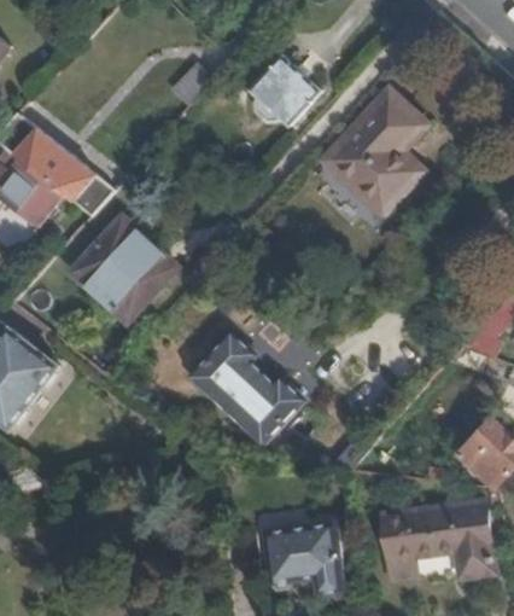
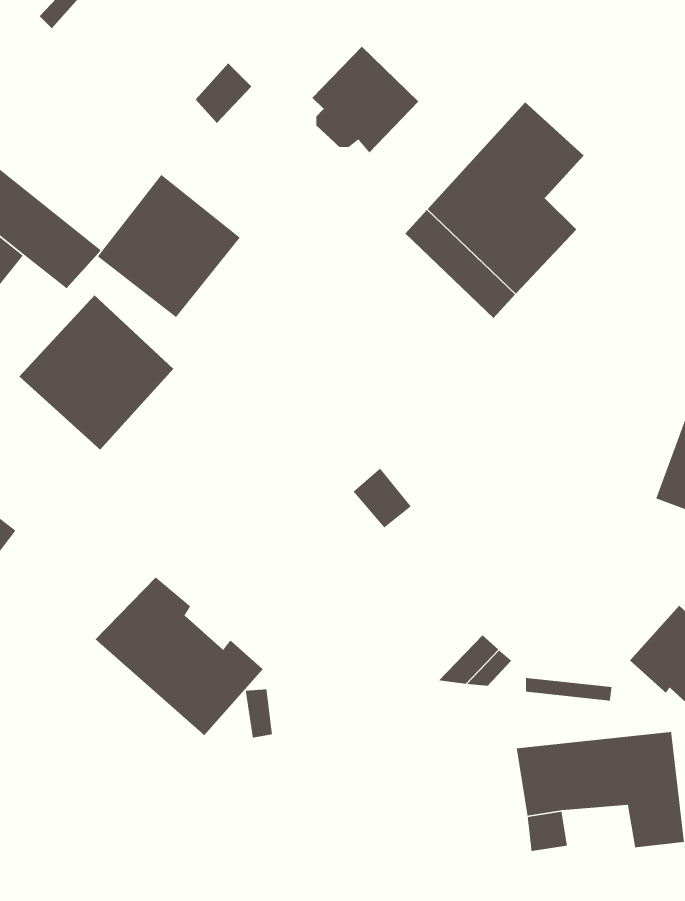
building: none -> [97,174,241,318]
building: [191,338,300,442] -> [95,576,264,736]
building: [265,518,345,592] -> none

